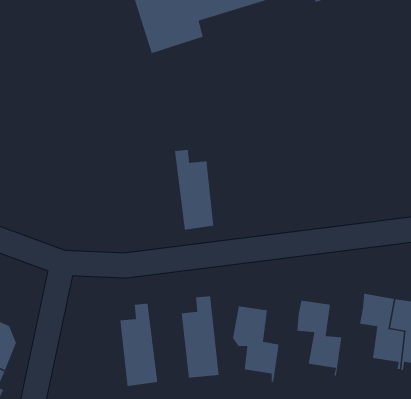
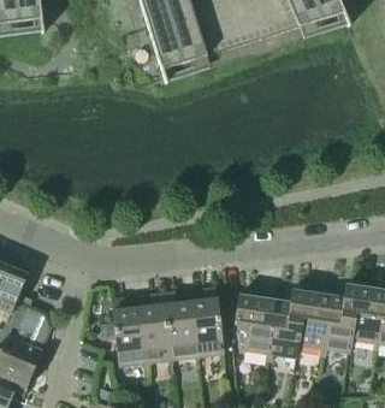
building: [174,149,214,231] -> [162,290,196,359]
building: none -> [313,292,355,354]
building: none -> [111,296,144,365]
building: none -> [260,297,302,359]

